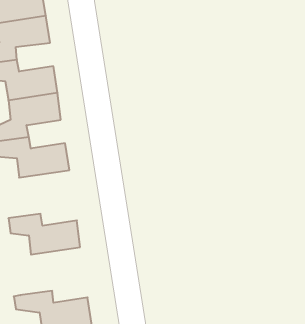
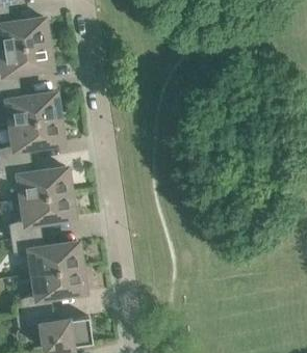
building: none -> [7,192,72,239]
building: none -> [19,267,83,314]

